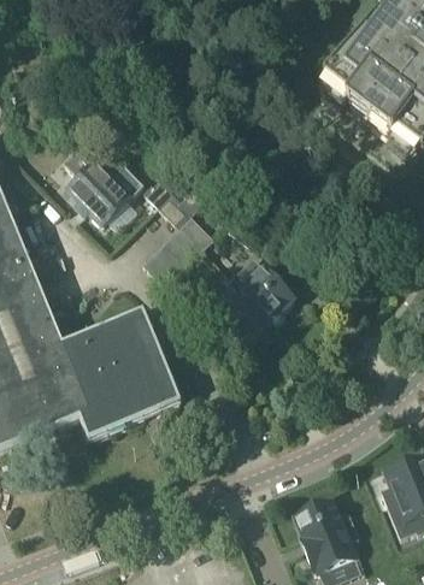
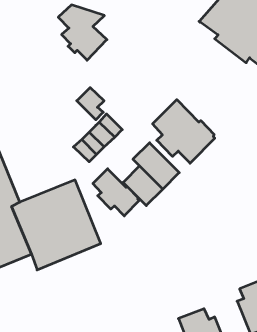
building: [61,142,132,223] -> [58,5,107,60]
building: none -> [153,100,215,163]
building: none -> [93,169,139,216]

